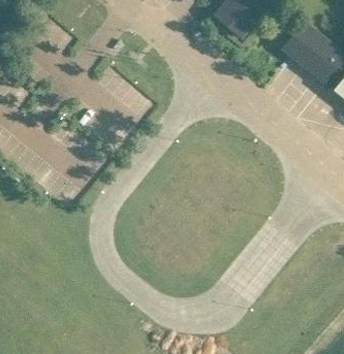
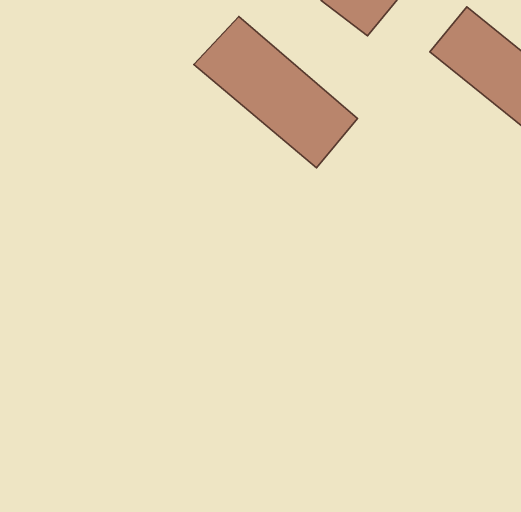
building: none -> [194,17,357,168]

